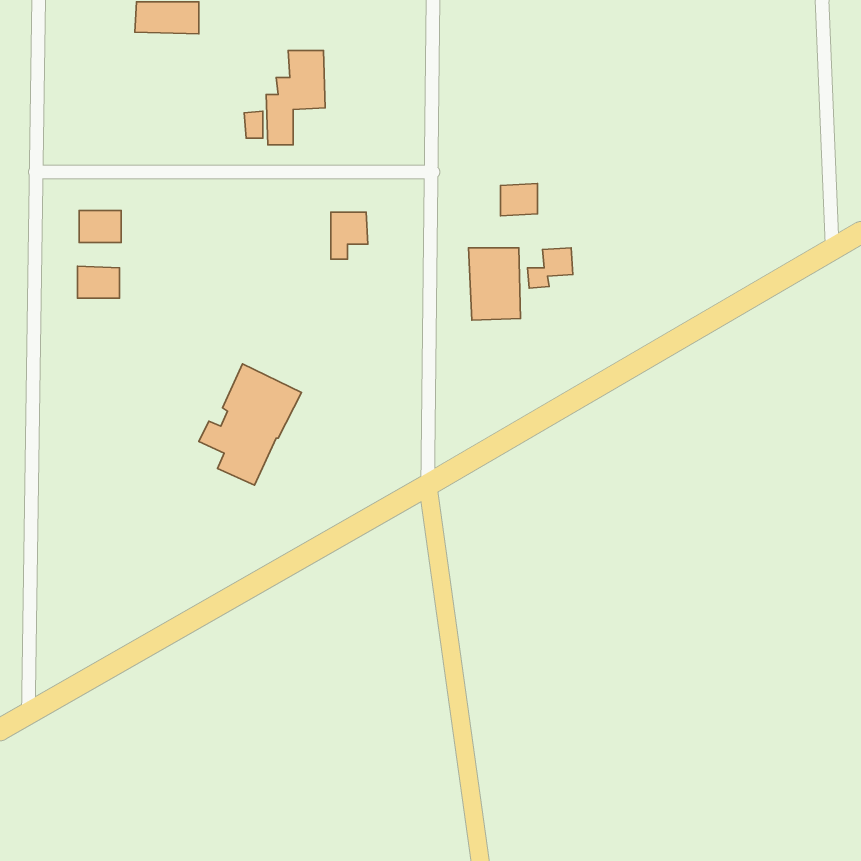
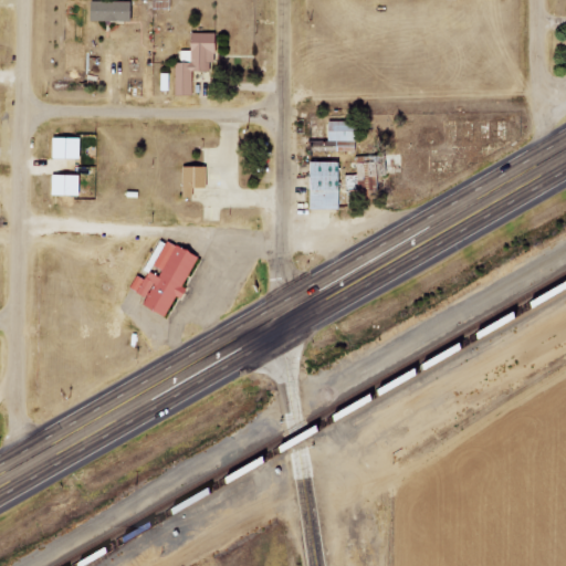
building: [331,212,368,259] -> [181,167,206,198]

